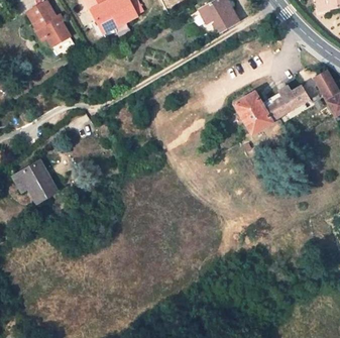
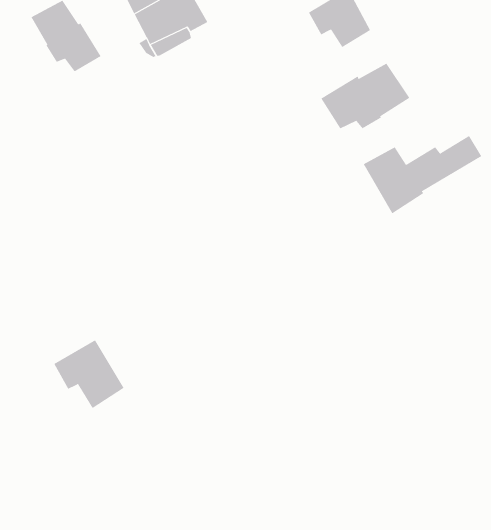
building: none -> [321,63,410,129]
building: [13,160,58,204] -> [53,340,124,409]

